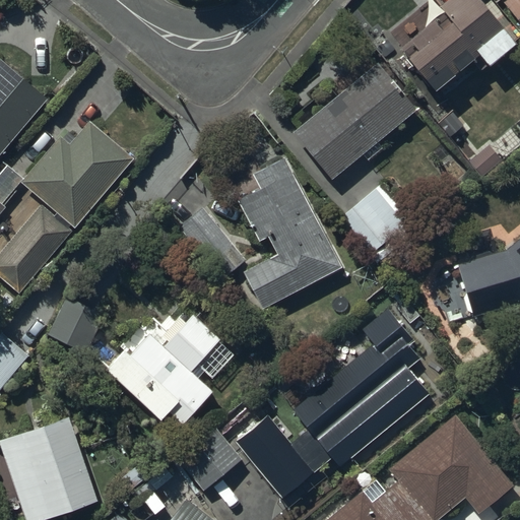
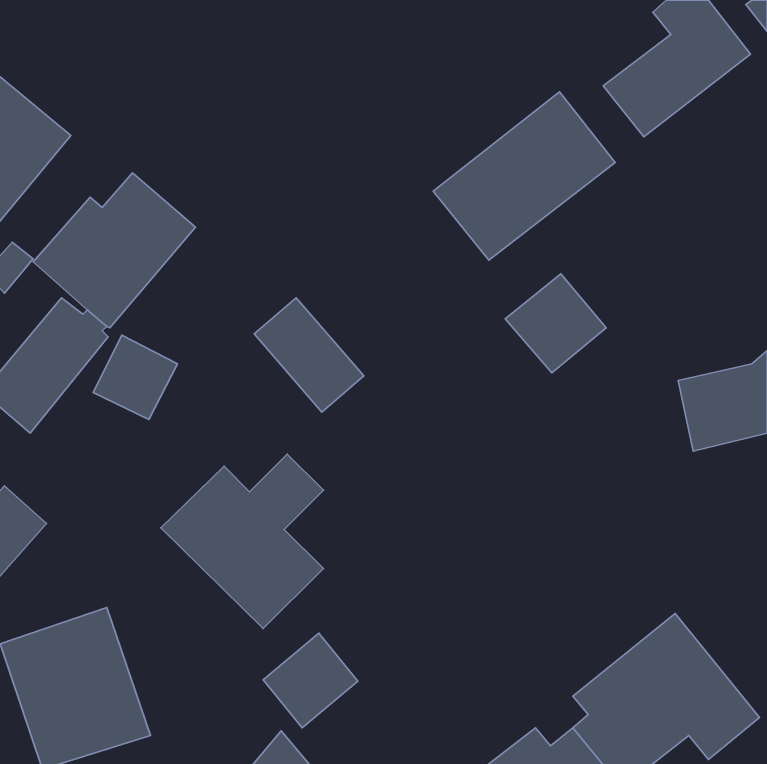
building: [234,158,337,308] -> none
building: [47,292,104,349] -> [93,335,177,420]
building: [236,312,429,503] -> none

